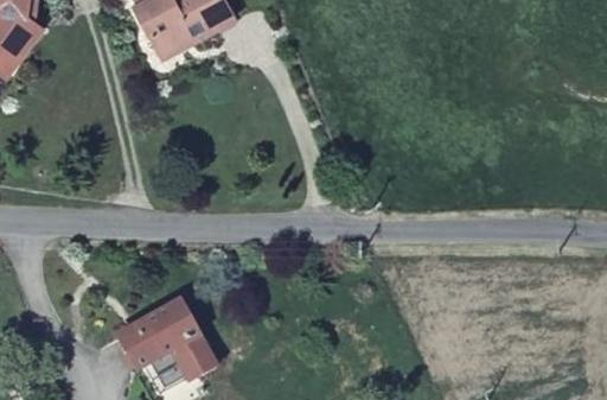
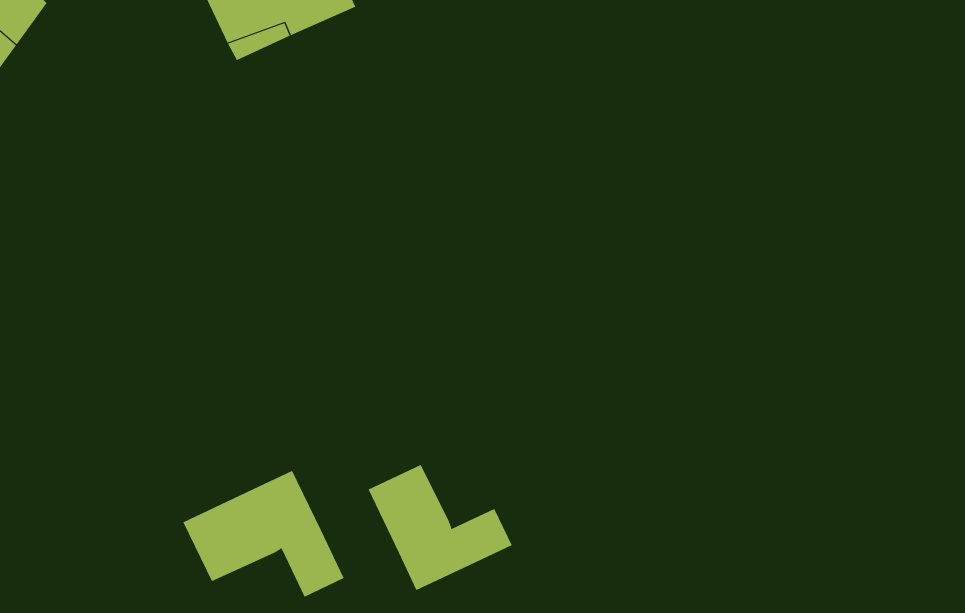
building: none -> [368,464,512,591]

